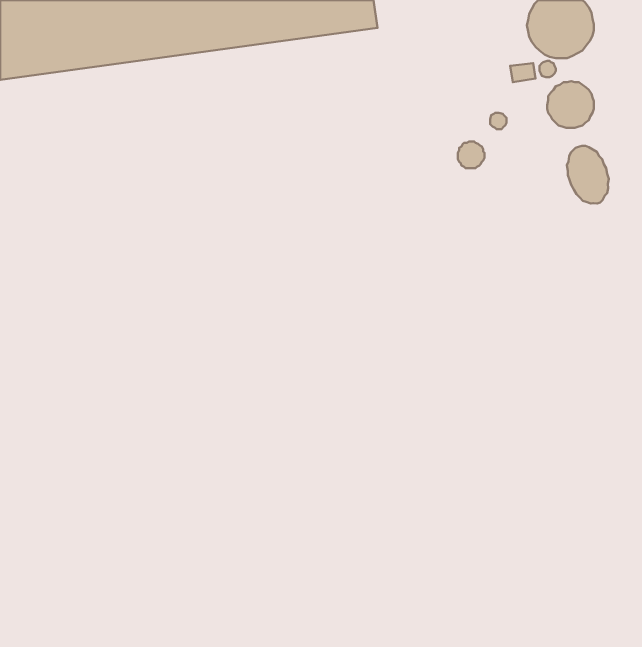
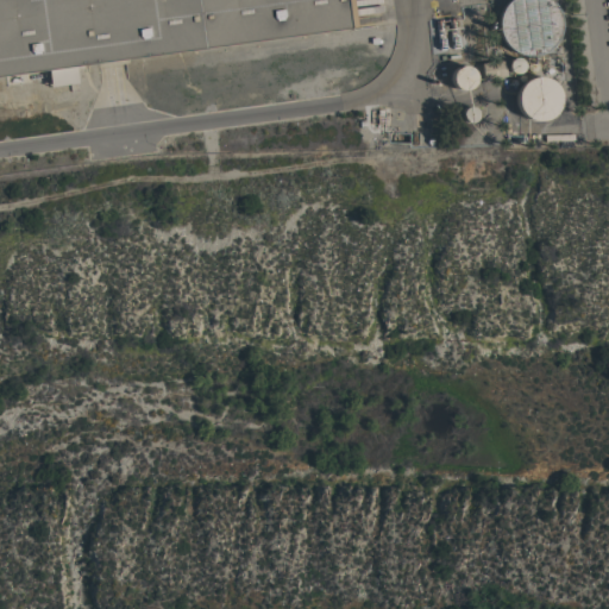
building: [458,141,484,168] -> [453,64,478,89]
building: [567,146,609,204] -> none

